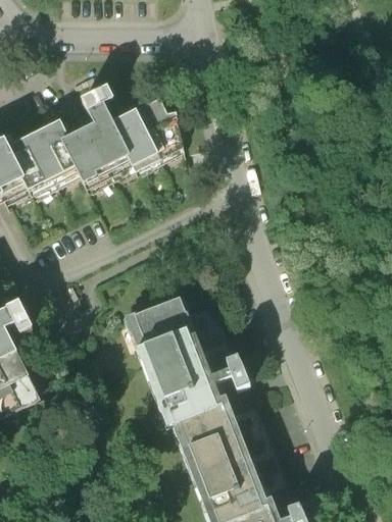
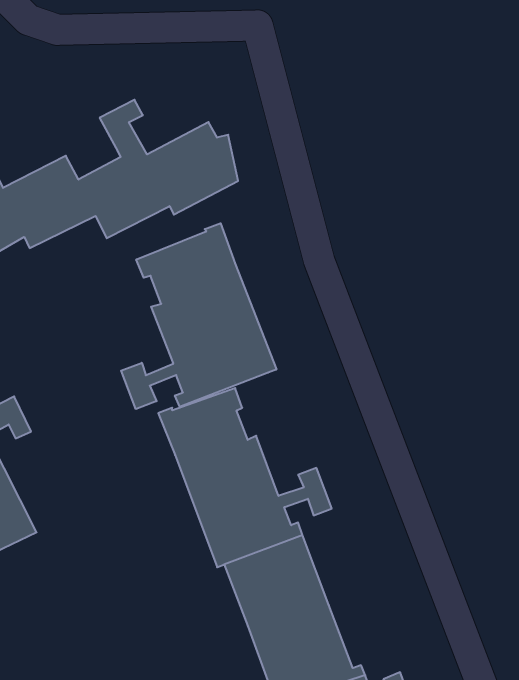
building: none -> [121,223,276,409]

